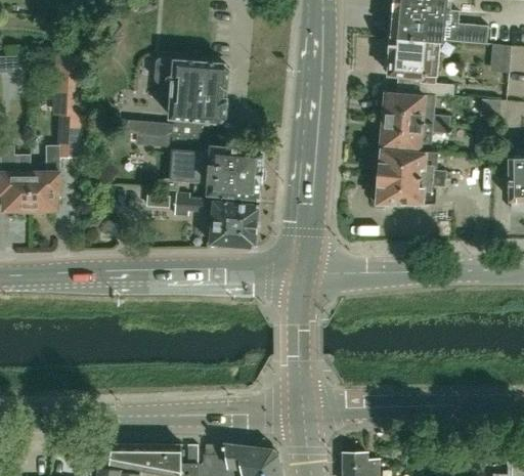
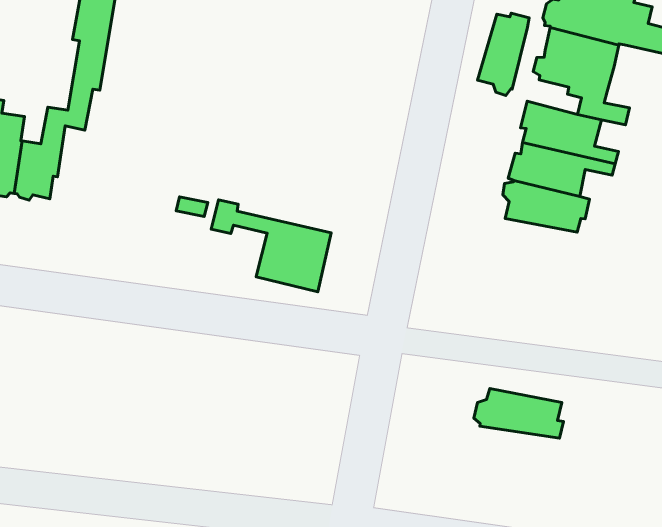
building: none -> [478,13,529,95]
building: [125,58,228,139] -> none
building: [162,145,263,201] -> none
building: [370,176,434,204] -> [474,389,563,438]

